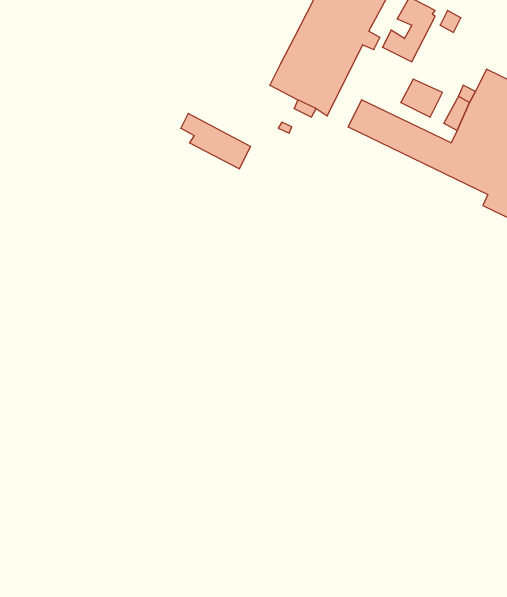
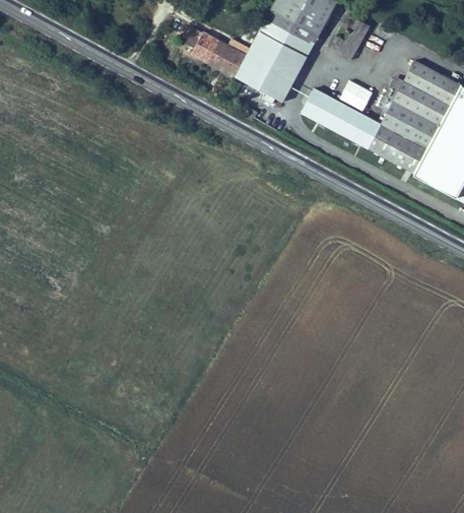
building: [181,114,251,169] -> [187,31,245,77]

